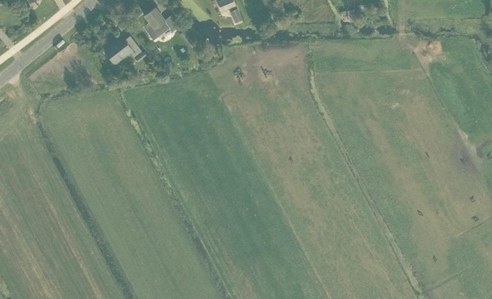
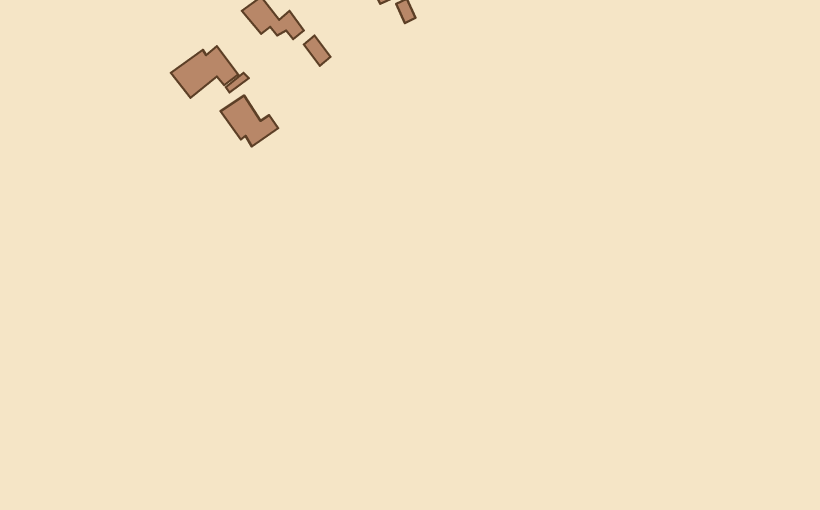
building: none -> [220,95,278,146]

